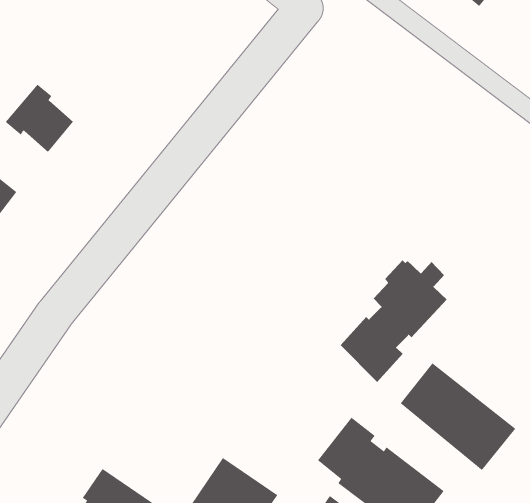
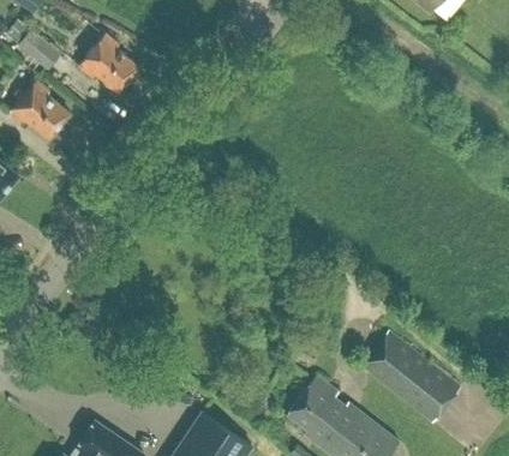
building: none -> [17,29,61,70]
building: none -> [79,35,139,94]
building: [340,260,447,383] -> none

